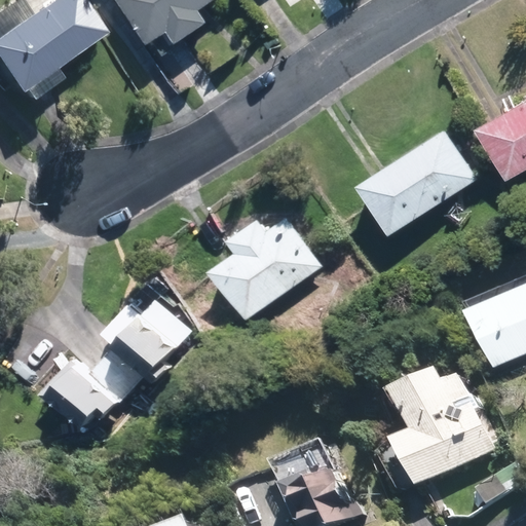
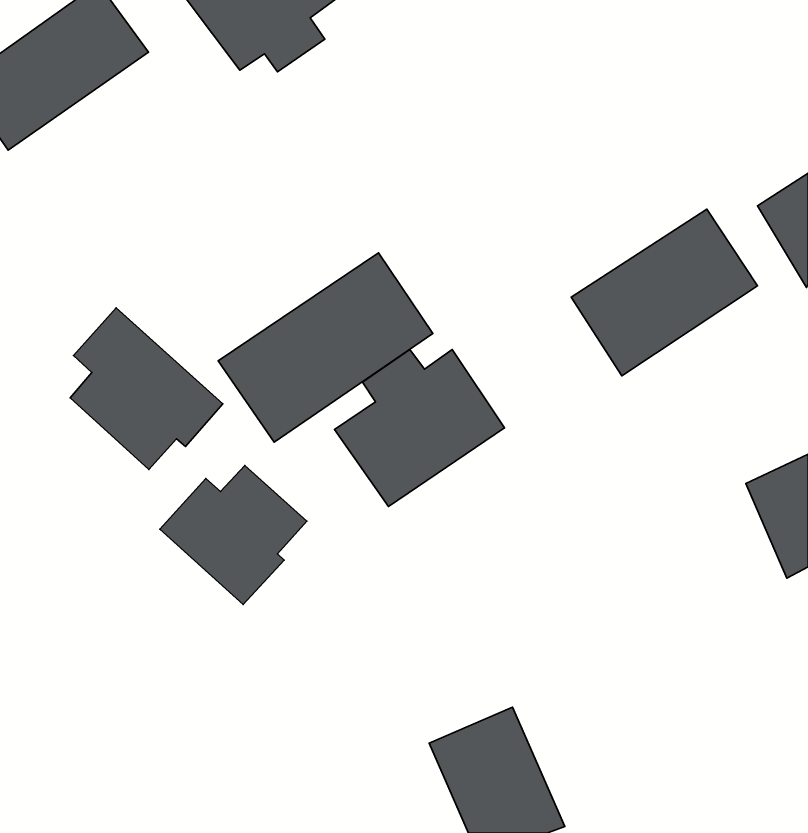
building: none -> [218,253,433,442]
building: none -> [70,308,223,469]
building: [40,333,140,433] -> none
building: [398,375,495,488] -> none

